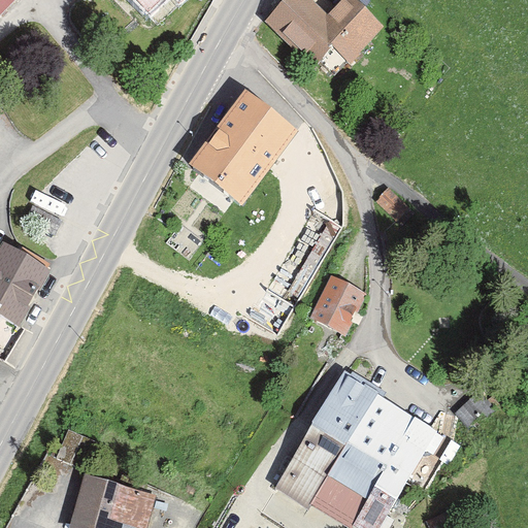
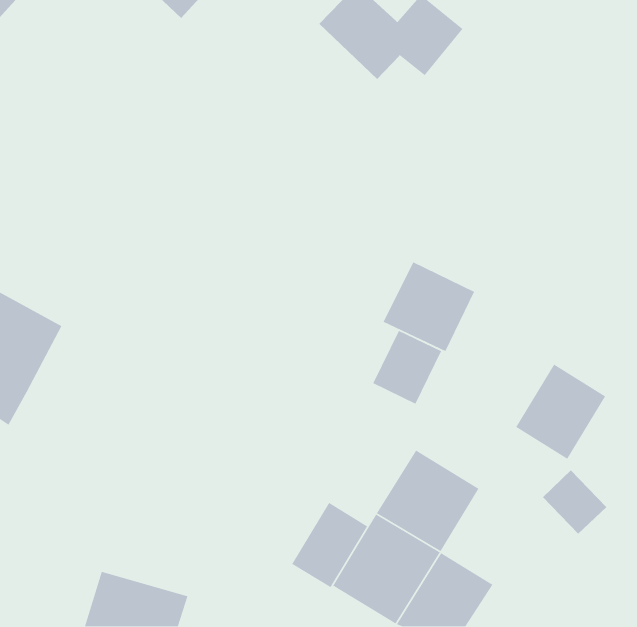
building: [190,90,300,206] -> none
building: none -> [382,261,475,352]
building: [364,403,439,483] -> [515,364,606,460]
building: none -> [291,502,368,588]

